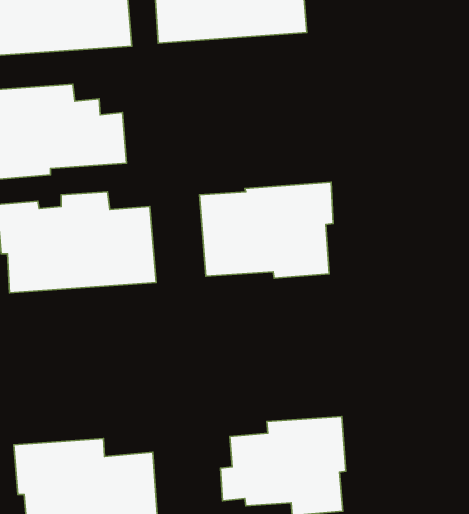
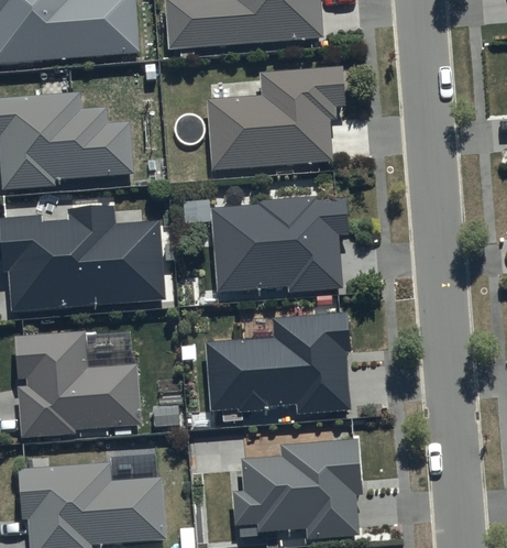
building: none -> [206,67,344,171]
building: none -> [207,311,351,416]
building: none -> [12,331,142,438]

